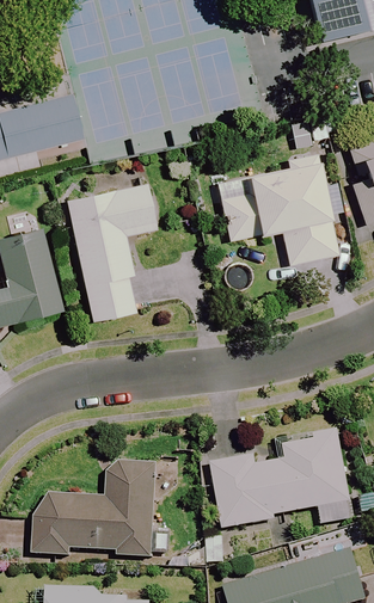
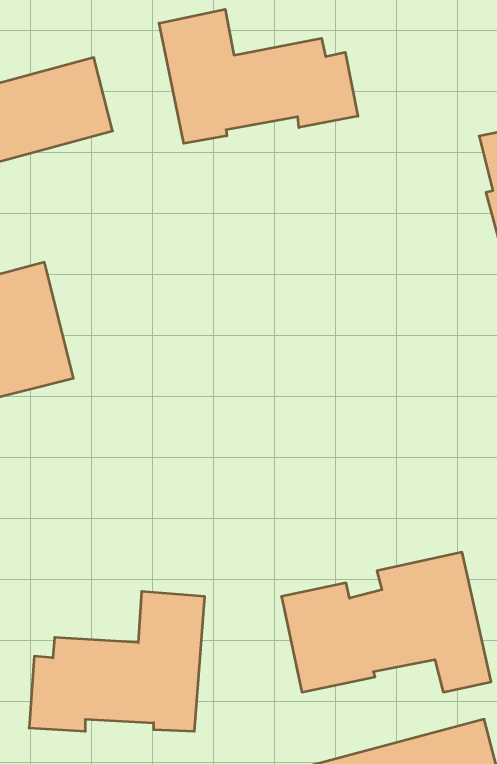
building: none -> [159,9,358,143]
building: [216,153,337,264] -> none
building: [66,183,155,321] -> none

